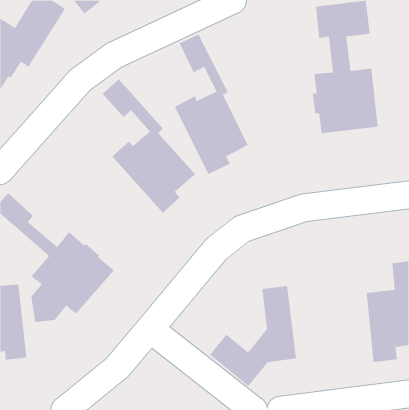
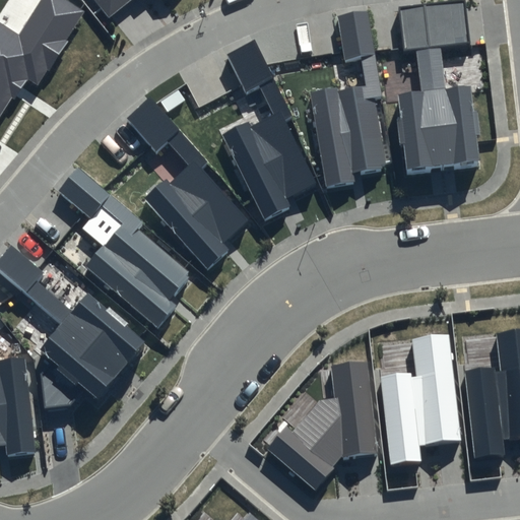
building: none -> [309,11,384,187]
building: none -> [56,166,191,327]
building: none -> [379,335,461,466]

